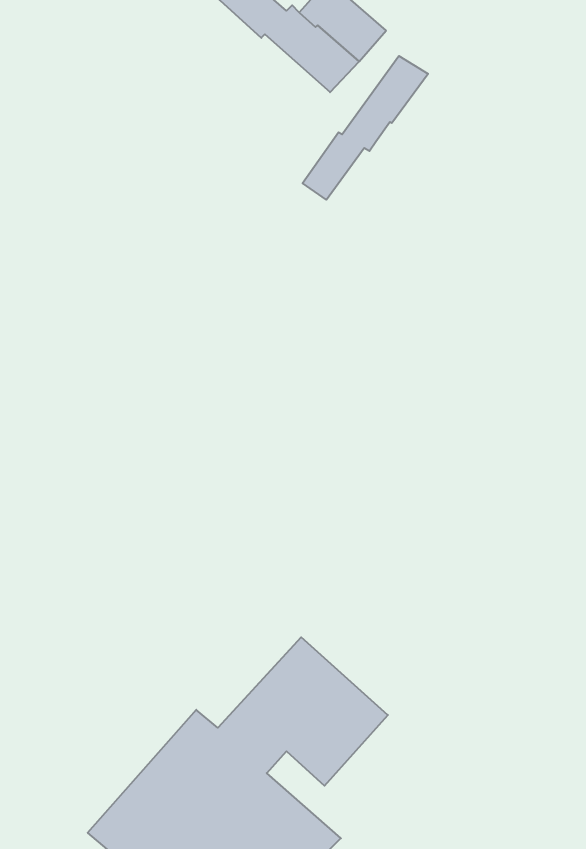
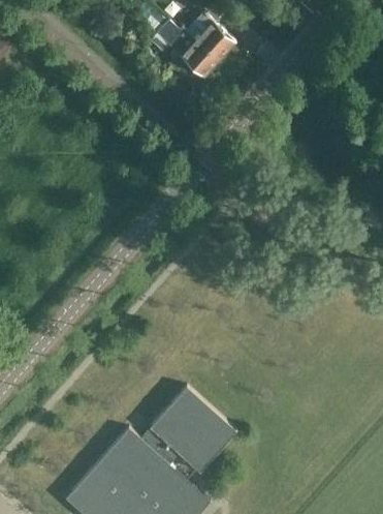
building: [303,56,428,200] -> none

